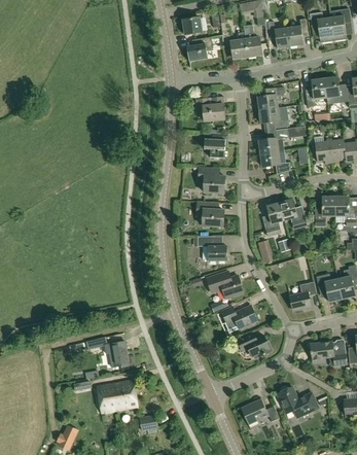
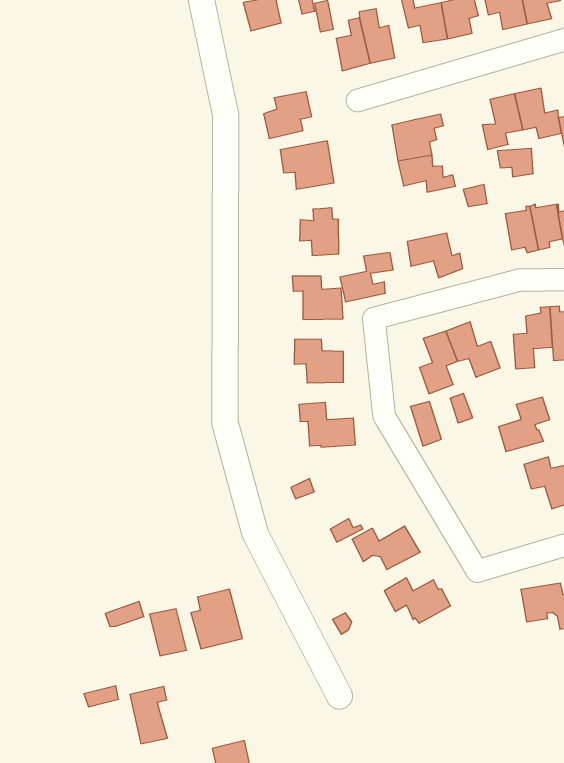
building: [187,36,213,60] -> [264,92,312,138]
building: [259,128,288,152] -> [340,253,393,302]
building: [207,270,243,296] -> none
building: [289,281,317,309] -> [498,397,550,451]
building: [111,379,138,410] -> [191,589,242,649]
building: [277,385,318,416] -> none
building: [240,397,279,423] -> none

